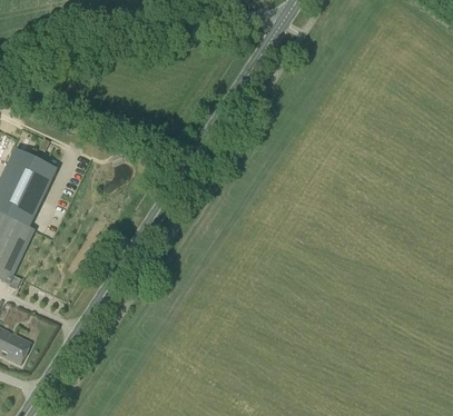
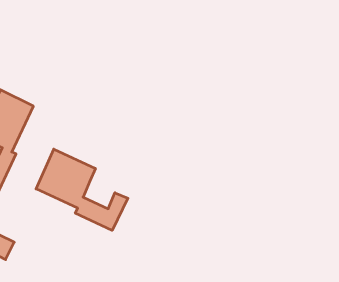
building: none -> [36,149,128,230]

